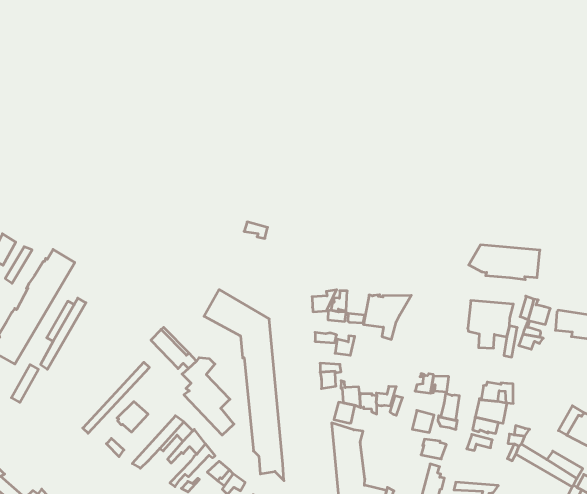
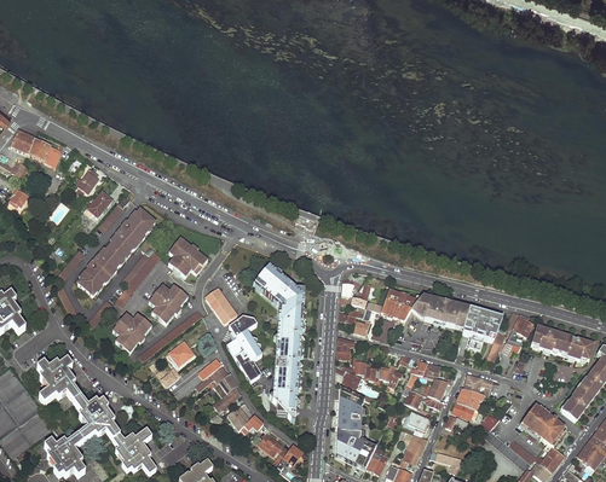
building: [469,245,540,280] -> [410,294,469,327]
building: none -> [168,237,208,277]
building: none -> [149,284,189,324]
building: none -> [112,313,152,353]

